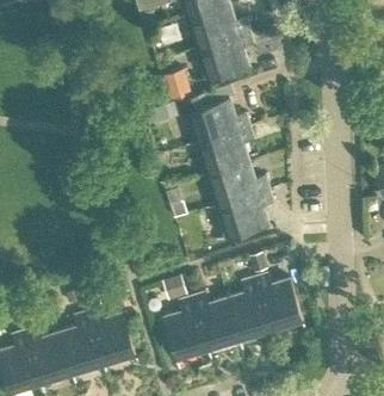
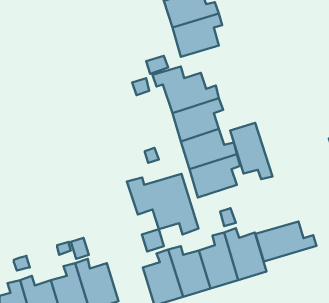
building: none -> [230,123,272,179]
building: none -> [127,174,198,234]
building: none -> [255,222,316,261]

